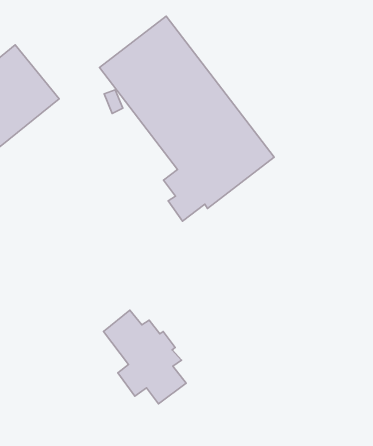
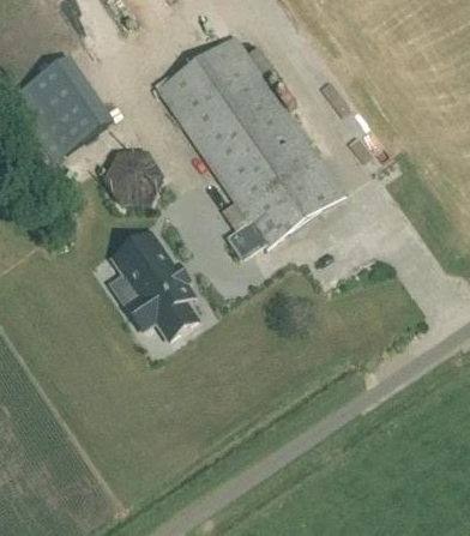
building: none -> [110,147,156,205]
building: [103,310,186,404] -> [112,236,198,339]

